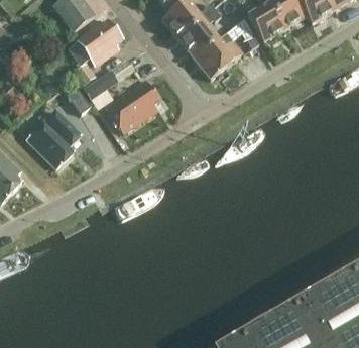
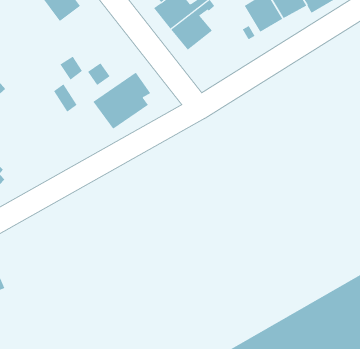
building: [77,18,122,64] -> none
building: [194,38,241,78] -> none
building: [26,109,81,167] -> none

